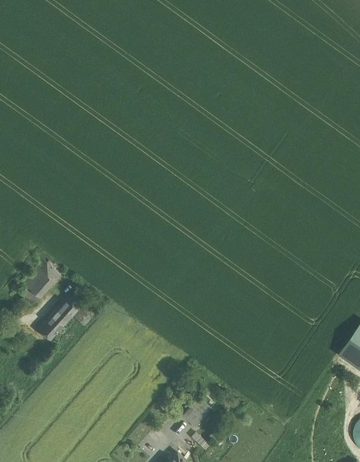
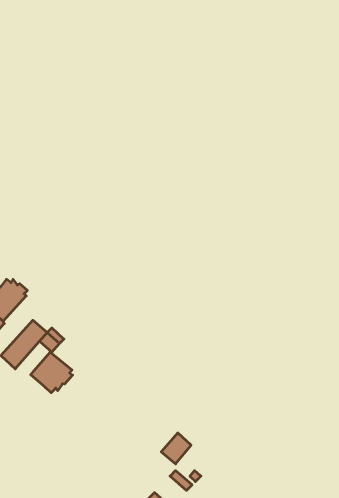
building: none -> [31,352,73,393]

